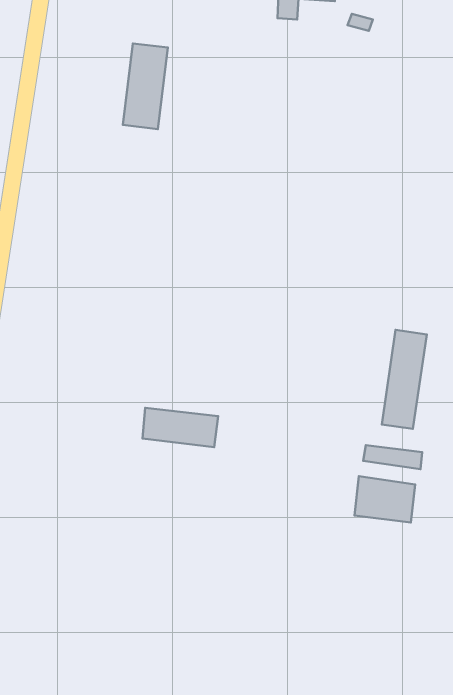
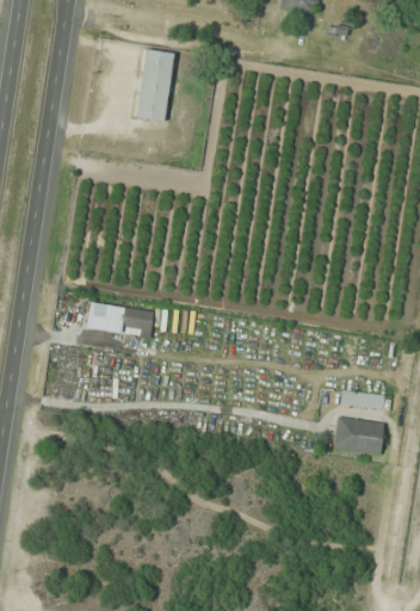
building: [382,330,427,429] -> none
building: [142,408,218,447] -> [88,303,153,337]

